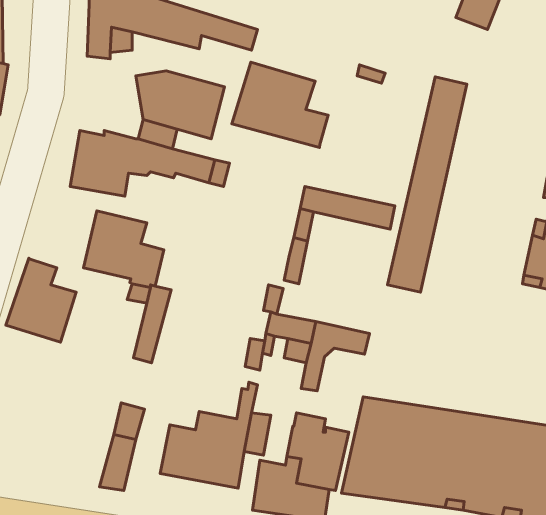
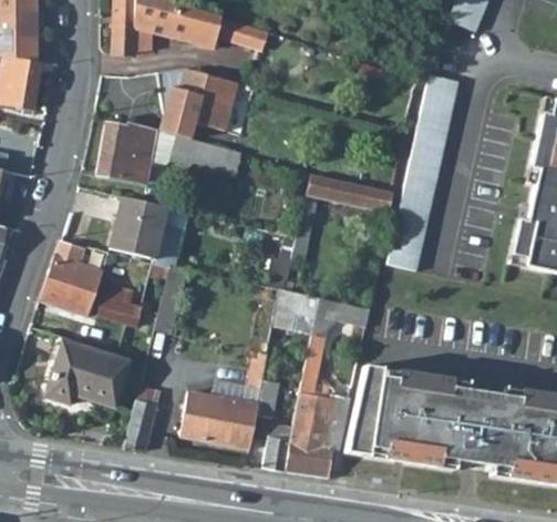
building: [232,62,328,147] -> none
building: none -> [99,284,142,326]
building: none -> [47,340,128,406]

